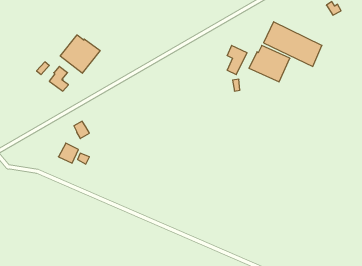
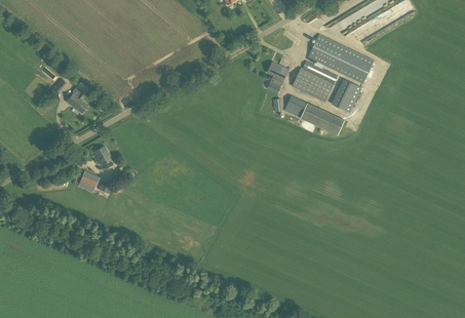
building: [60,35,100,73] -> none
building: none -> [331,77,361,112]
building: none -> [283,93,344,134]

